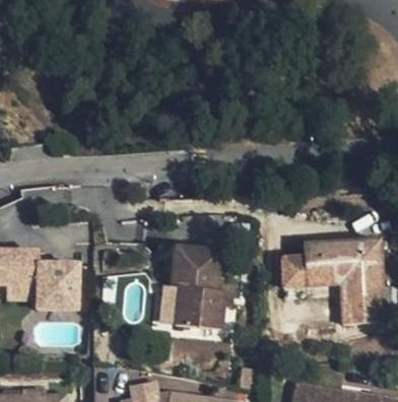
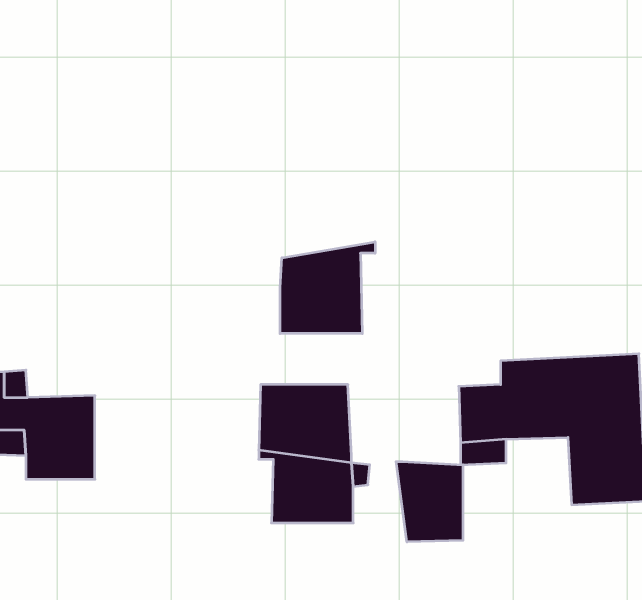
building: none -> [280,242,375,334]
building: none -> [396,462,463,542]

